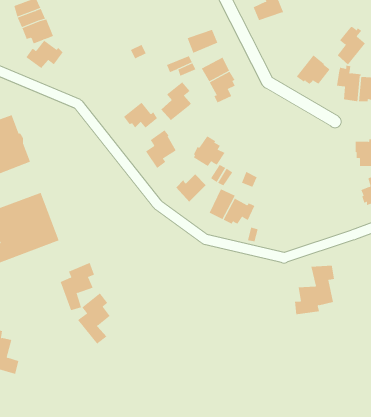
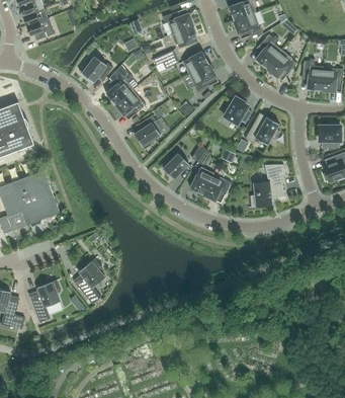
building: none -> [162,11,193,34]
building: none -> [234,13,262,37]
building: [337,26,366,65] -> [256,34,281,69]
building: [25,40,64,69] -> [79,57,112,82]
building: [161,82,192,121] -> [106,70,134,104]
building: none -> [245,117,279,145]
building: [193,136,225,167] -> [224,97,252,125]
building: [60,262,95,311] -> [30,280,61,322]
building: [294,265,335,315] -> [250,164,285,208]

